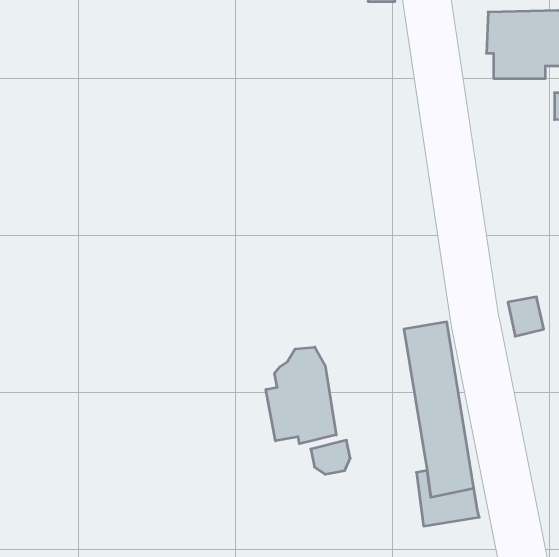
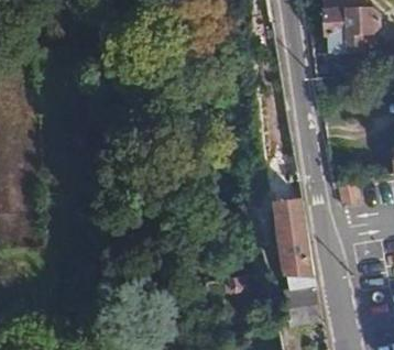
building: [266,347,336,444] -> none

